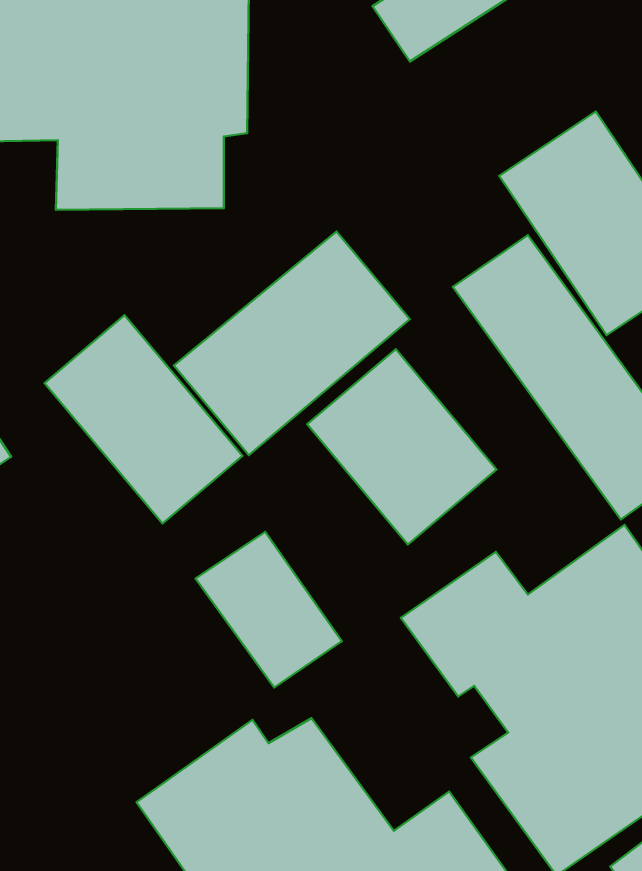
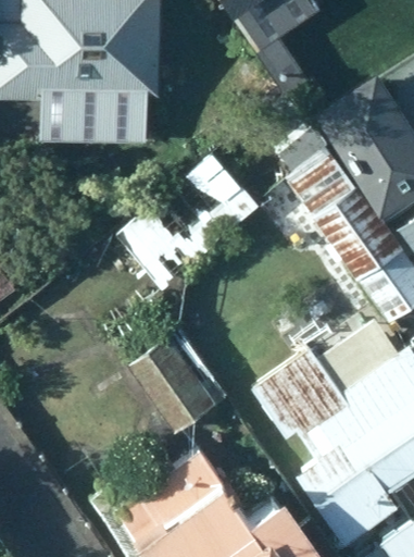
building: [44,315,242,524] -> none
building: [307,349,497,545] -> none

